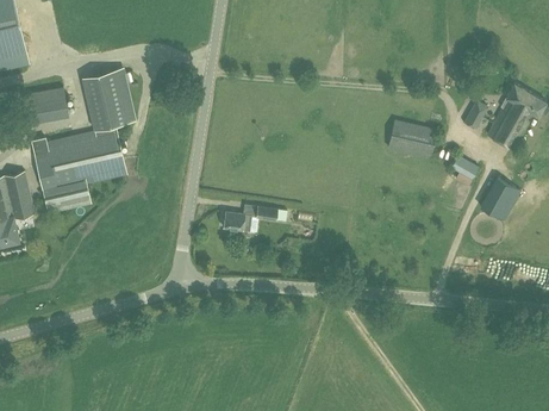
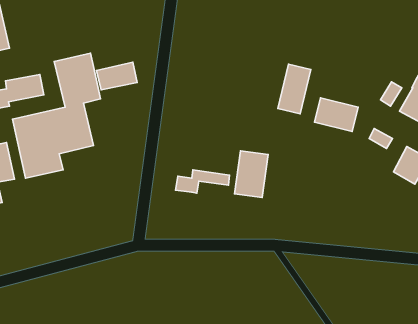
building: none -> [96,62,137,90]
building: none -> [278,64,311,114]
building: none -> [235,151,268,198]

